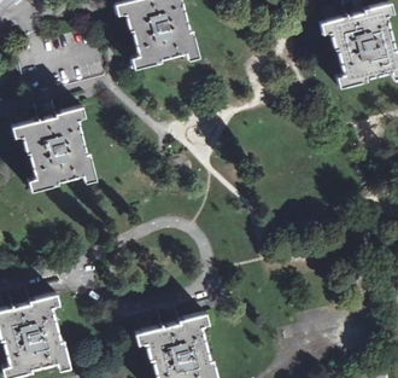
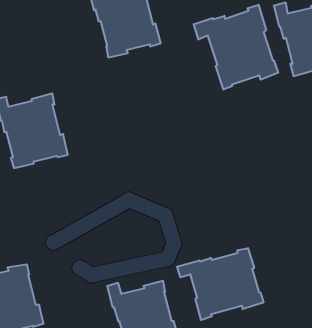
building: none -> [194,5,278,90]
building: none -> [177,248,263,320]

